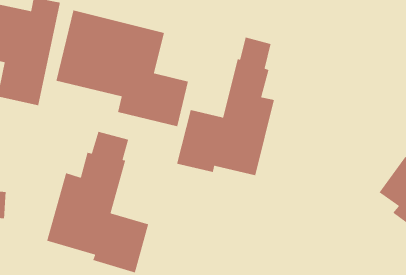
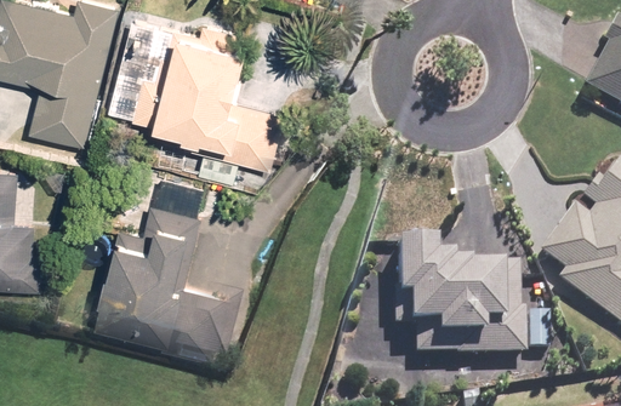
building: [176,36,275,176] -> none
building: none -> [389,238,548,356]

